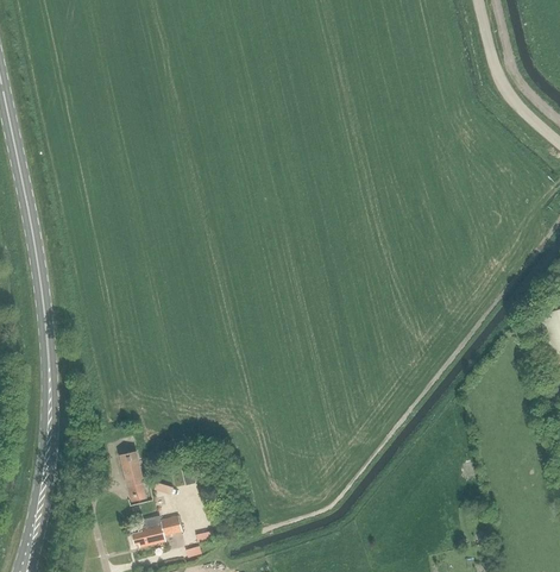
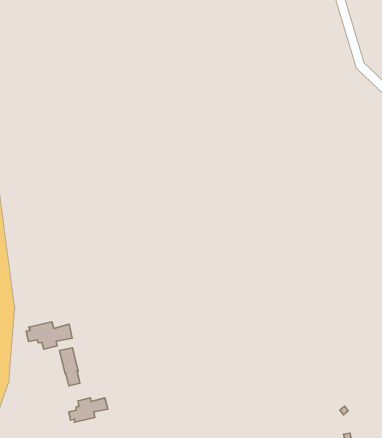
building: none -> [26,322,72,349]

